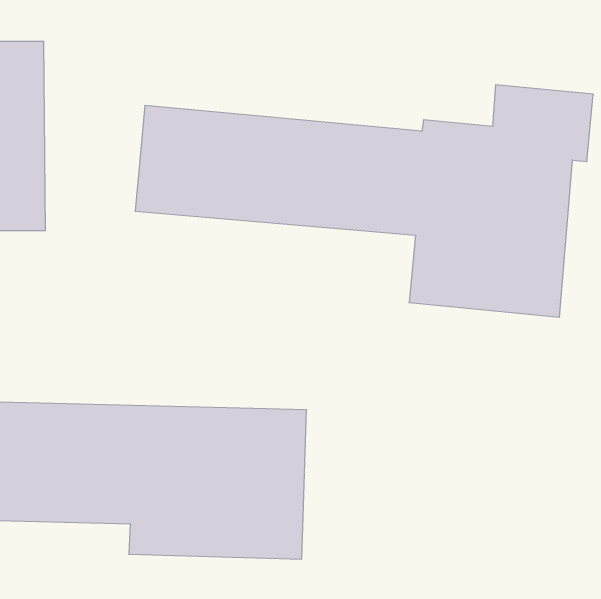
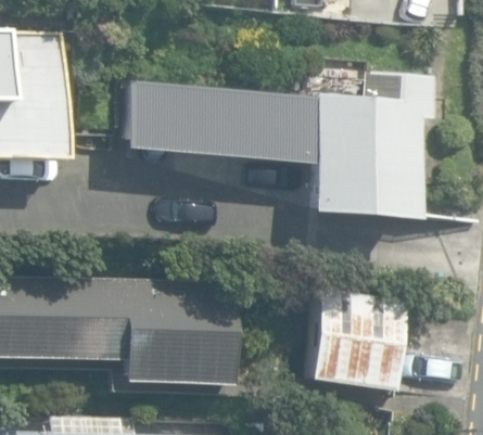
building: none -> [312,289,412,395]

